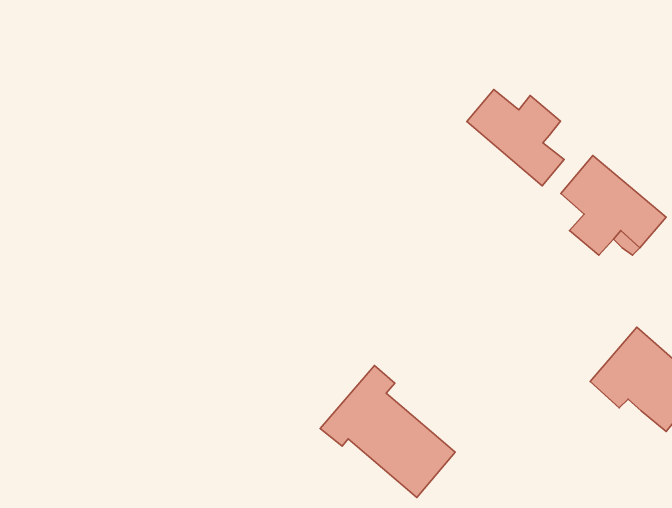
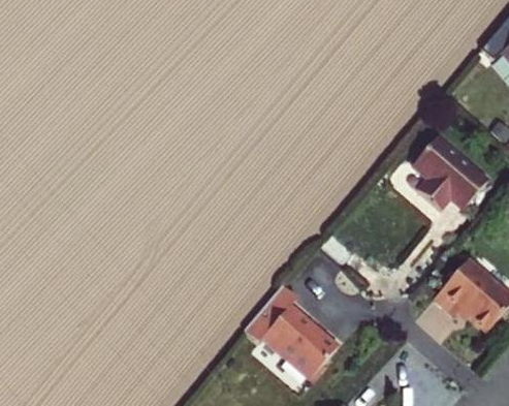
building: [467,89,564,186] -> none

